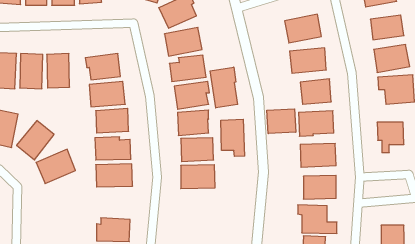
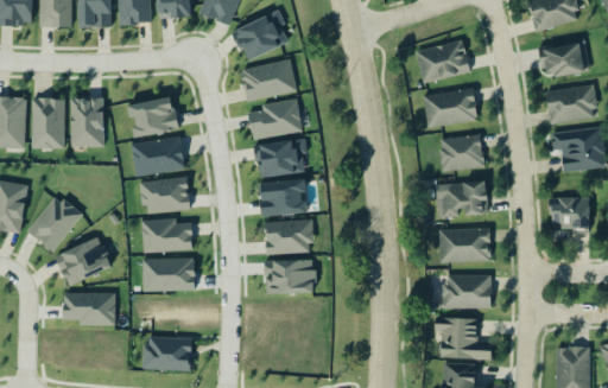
building: [210,67,238,108] -> none
building: [267,109,296,134] -> none
building: [221,119,245,156] -> none
building: none -> [63,292,115,325]

